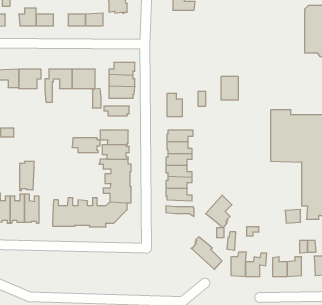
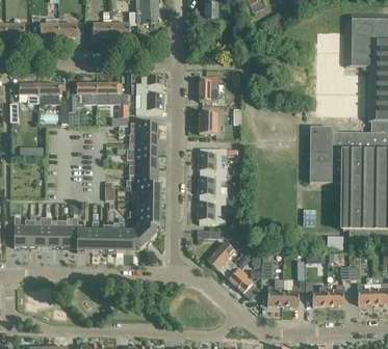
building: [221,77,238,100] -> [200,76,218,101]
building: [72,138,100,152] -> [129,133,159,149]
building: [20,161,34,191] -> [61,217,77,248]
building: [206,195,232,228] -> [207,240,235,275]

